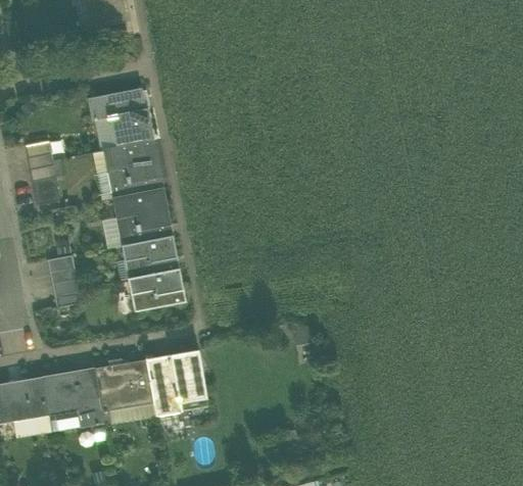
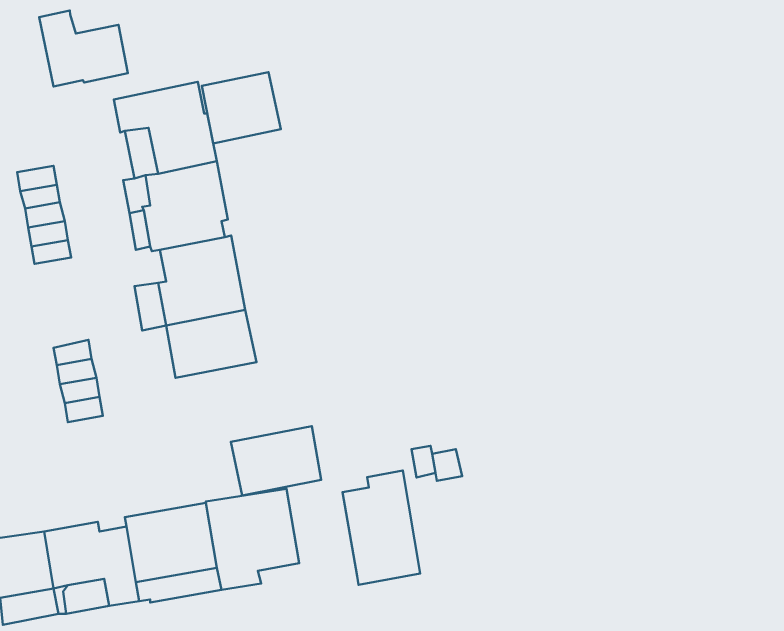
building: none -> [39,10,128,86]
building: none -> [202,72,281,143]
building: [127,268,185,312] -> [231,426,321,496]
building: none -> [343,470,420,585]

